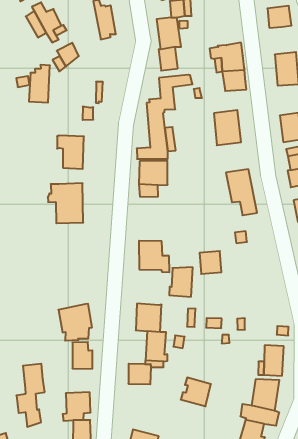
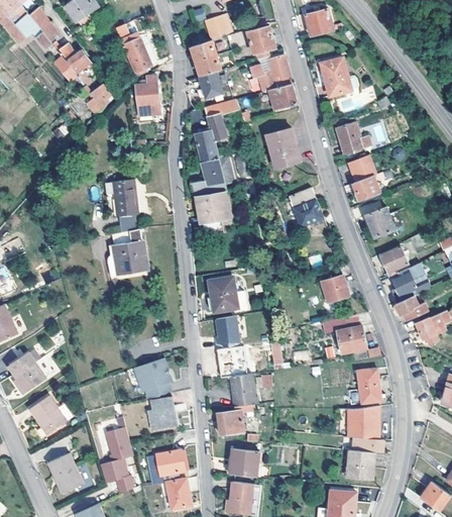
building: none -> [247,26,275,60]
building: [29,65,50,103] -> [136,75,159,116]
building: [200,251,221,274] -> [322,275,348,302]
building: [169,267,193,297] -> [215,314,239,347]
building: none -> [337,325,365,351]
building: [181,378,211,406] -> [228,448,257,476]

